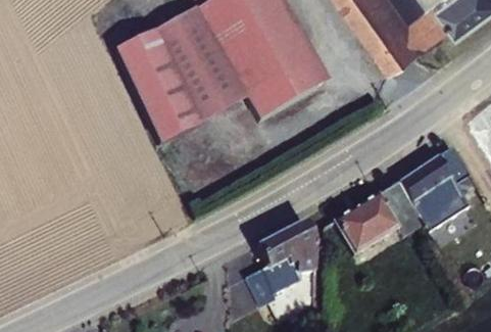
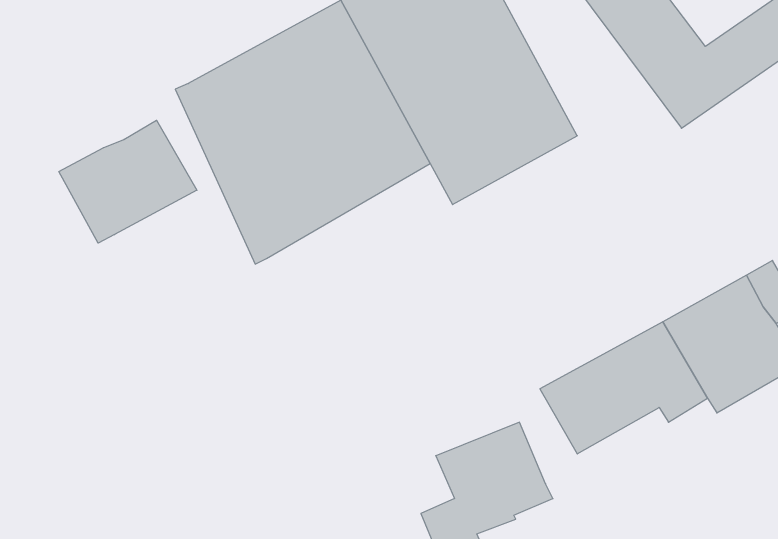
building: none -> [59,120,197,243]

